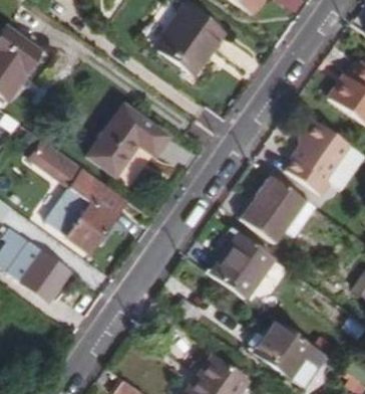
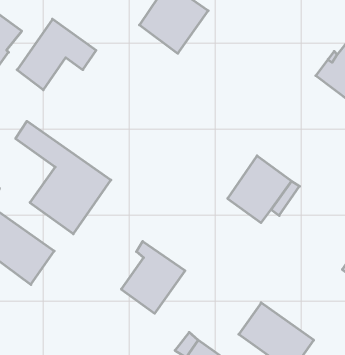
building: [88,106,166,176] -> [17,19,96,90]
building: [288,118,352,195] -> none
building: [212,227,275,299] -> [121,241,185,313]

